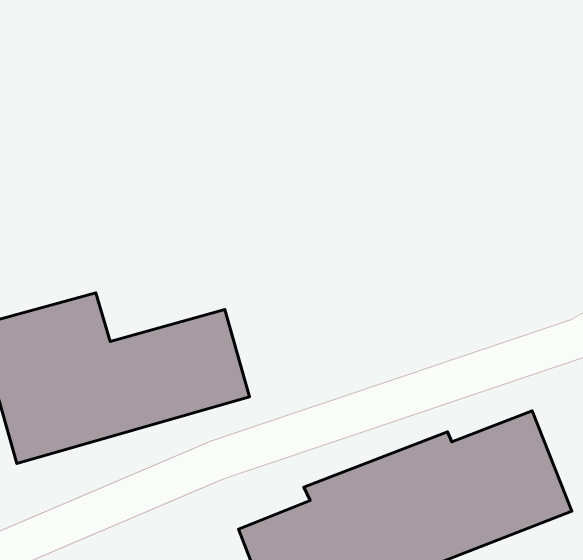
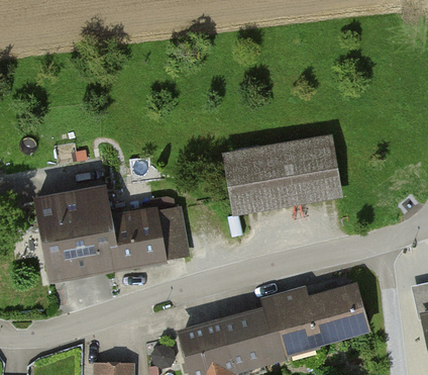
building: none -> [221,134,341,215]

